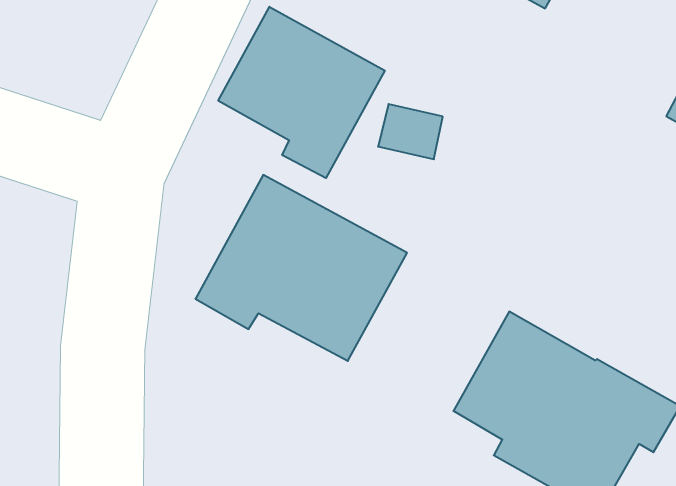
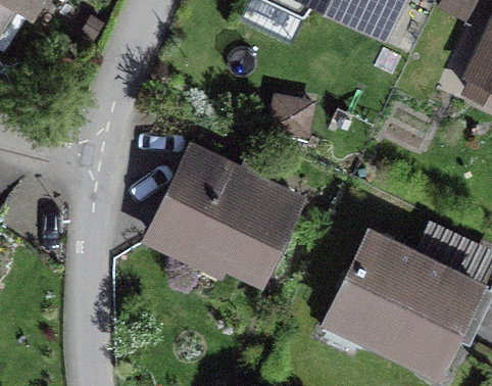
building: [218,7,385,178] -> none

